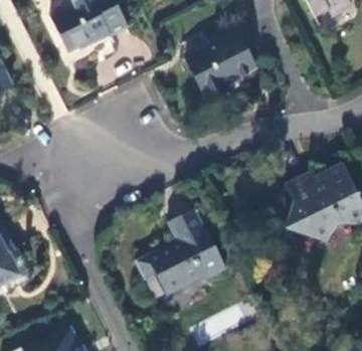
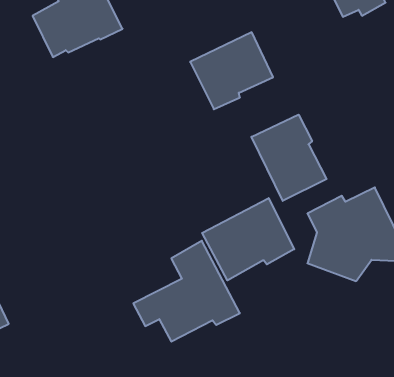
building: none -> [251,115,327,201]
building: none -> [202,198,294,280]

